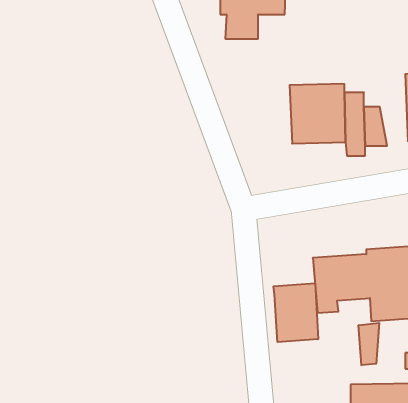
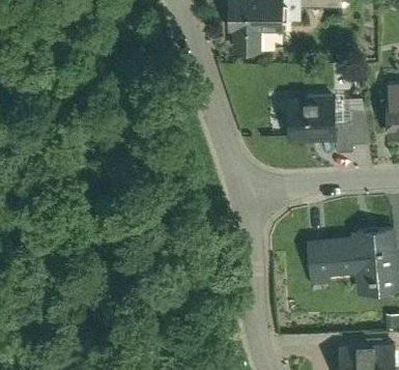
building: [274,283,318,342] -> none
building: [359,323,379,365] -> none

